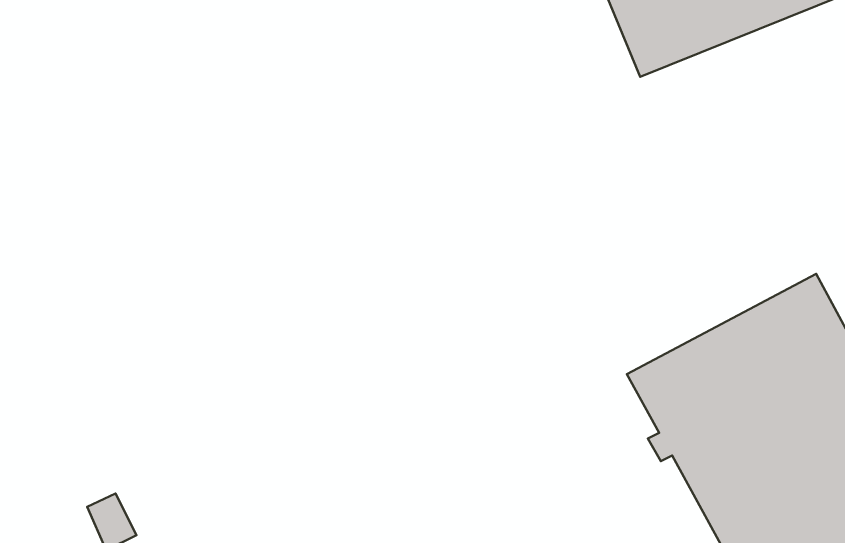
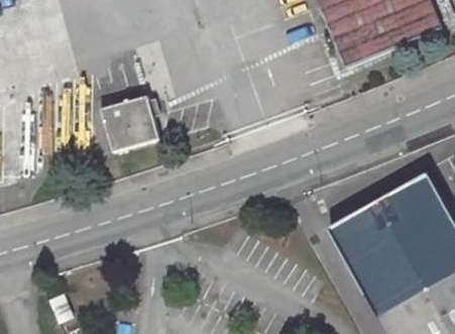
building: none -> [97,95,157,151]

